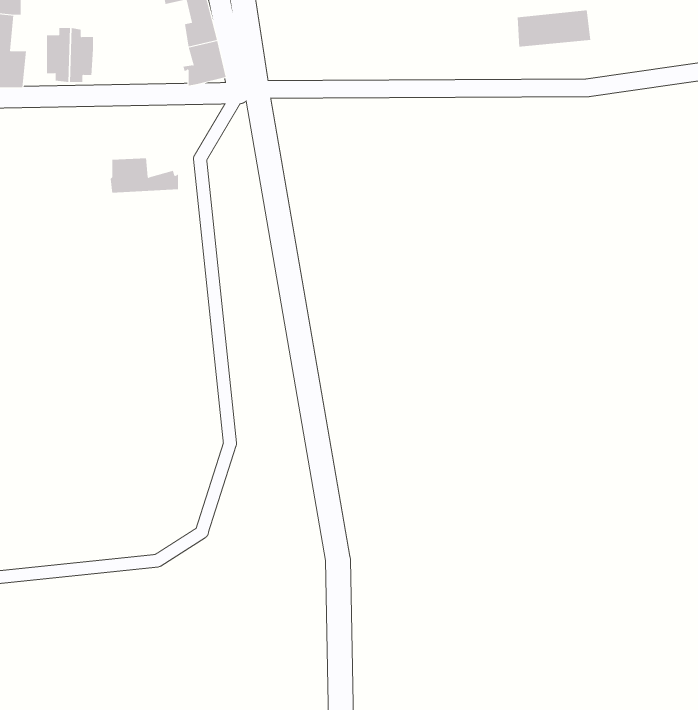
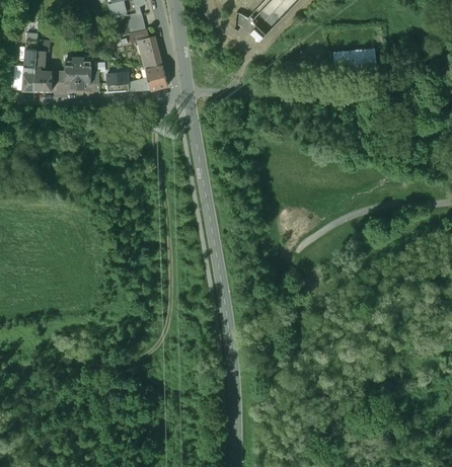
building: [110,158,179,193] -> [104,74,144,94]

